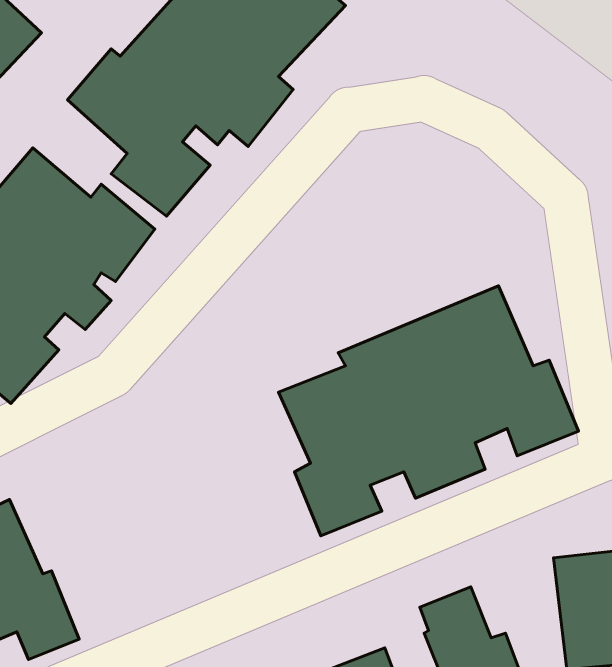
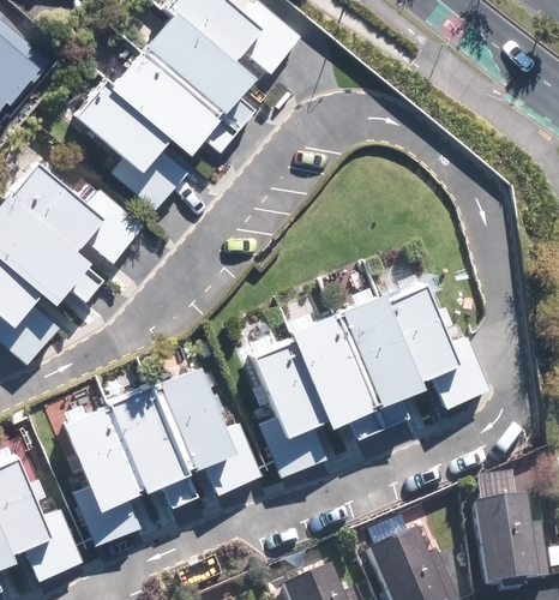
building: none -> [61,362,262,550]

